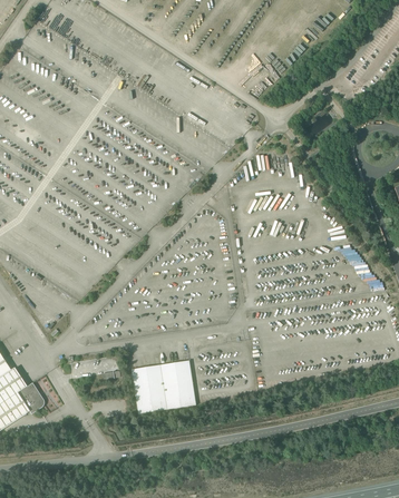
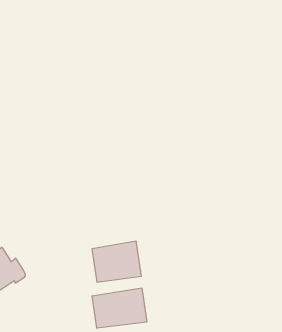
building: none -> [92,288,147,328]

